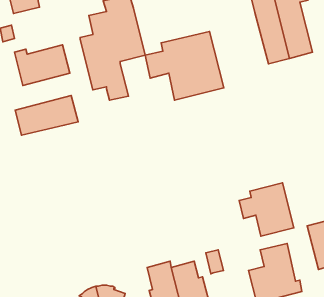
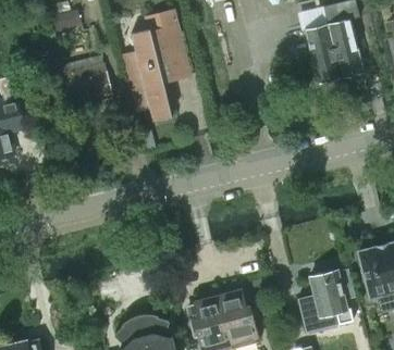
building: [145,31,224,100] -> none
building: [15,96,78,135] -> none
building: [239,183,294,236] -> none

